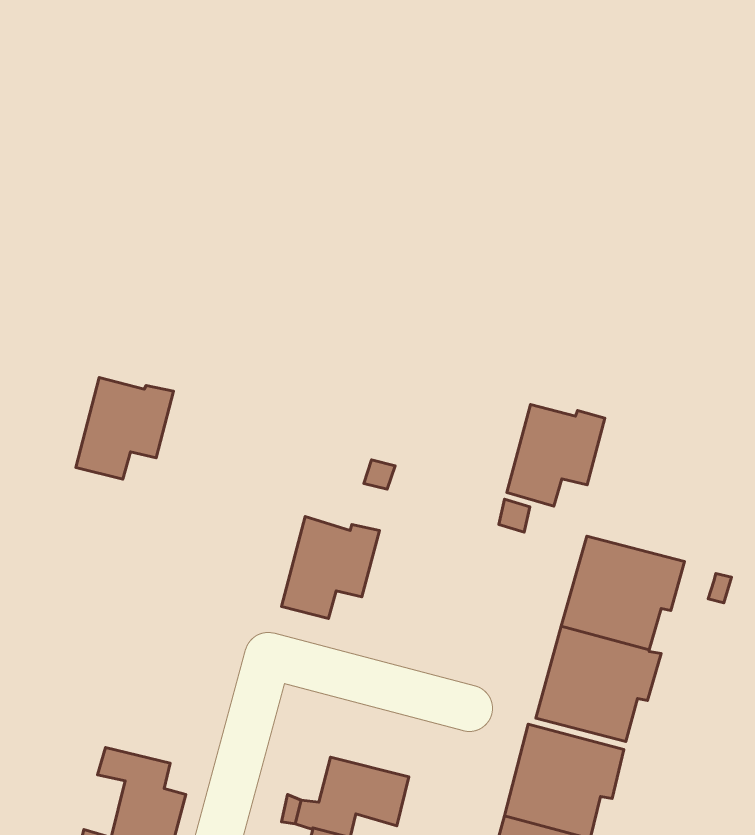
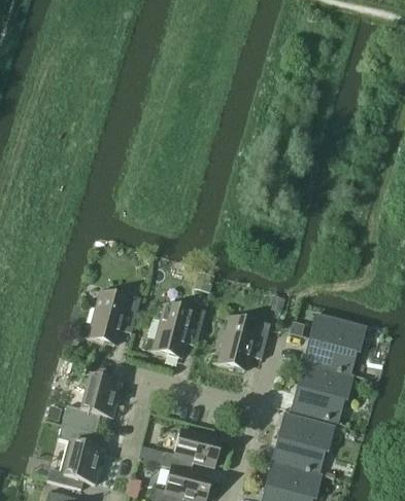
building: [76,378,174,479] -> [90,290,141,344]
building: [507,405,605,506] -> [220,316,271,369]
building: none -> [62,374,122,432]

